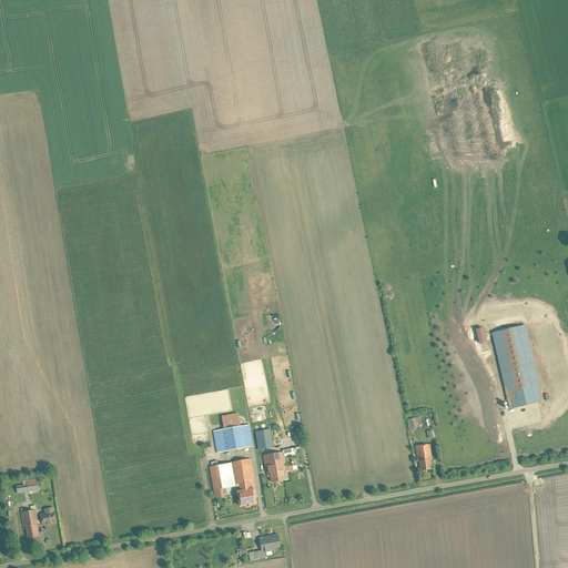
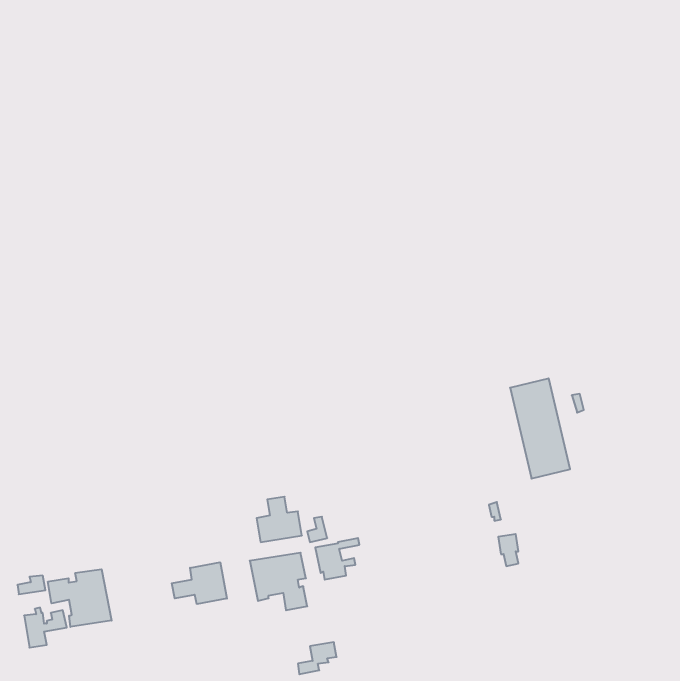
building: [491,324,541,407] -> [510,378,570,479]
building: none -> [172,562,227,604]
building: none -> [48,569,112,627]

